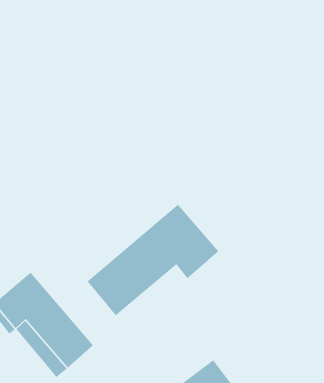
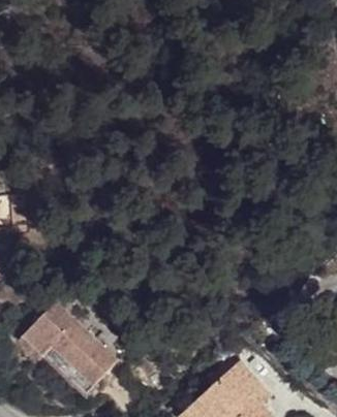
building: [87,204,219,316] -> none

